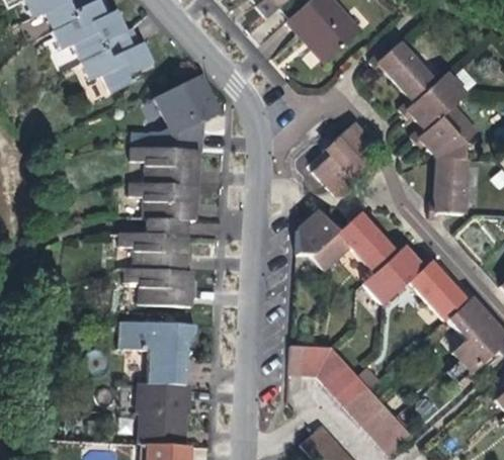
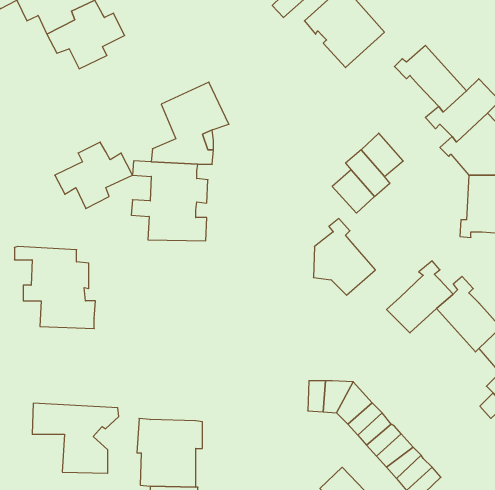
building: [82,32,153,93] -> [55,142,132,209]
building: [338,204,396,271] -> none
building: [119,232,193,306] -> [14,246,95,329]
building: [119,319,198,383] -> [32,403,119,473]

